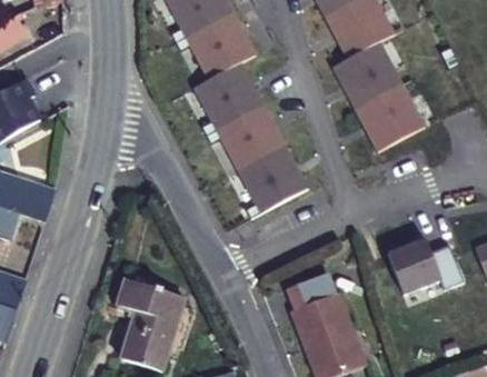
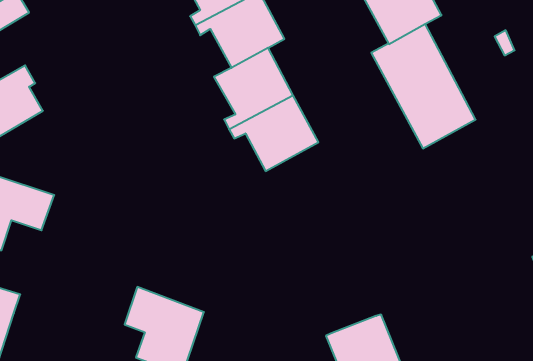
building: [239,146,308,218] -> none
building: [388,239,464,295] -> none
building: [289,278,337,315] -> none

